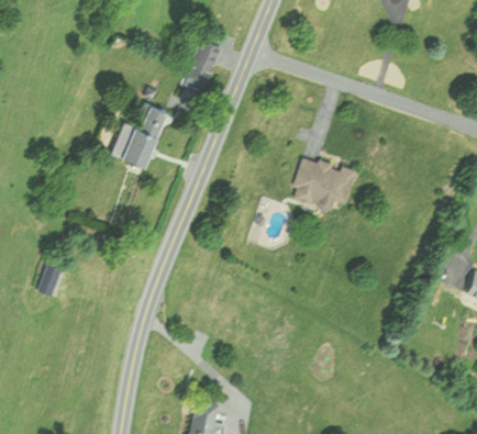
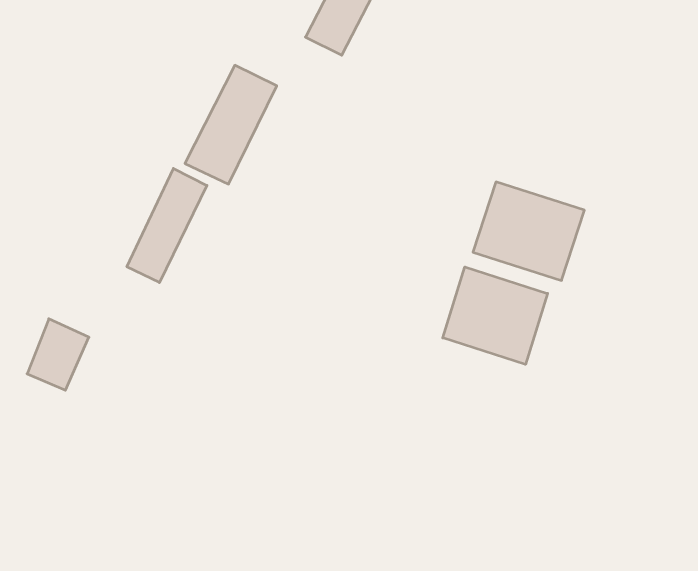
building: none -> [127,168,207,283]
building: none -> [443,267,548,364]

